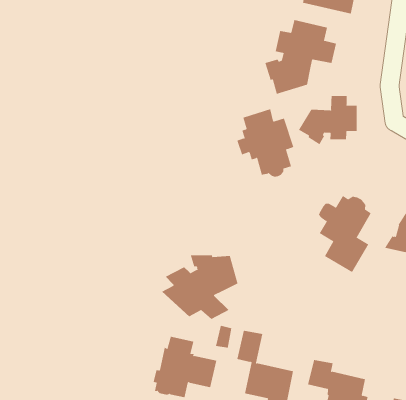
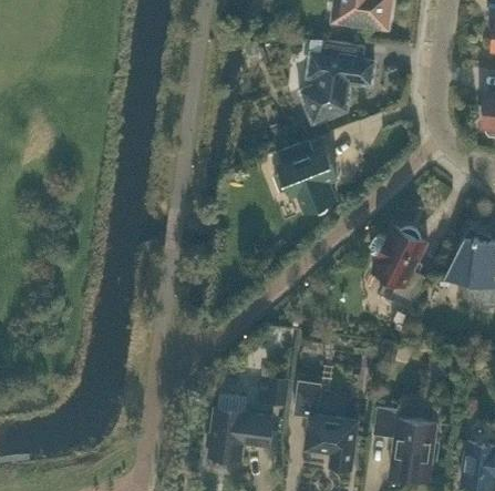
building: [298,95,357,145] -> none
building: [161,254,238,320] -> none

